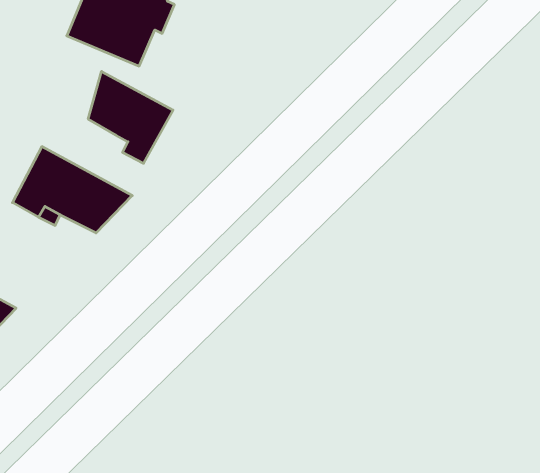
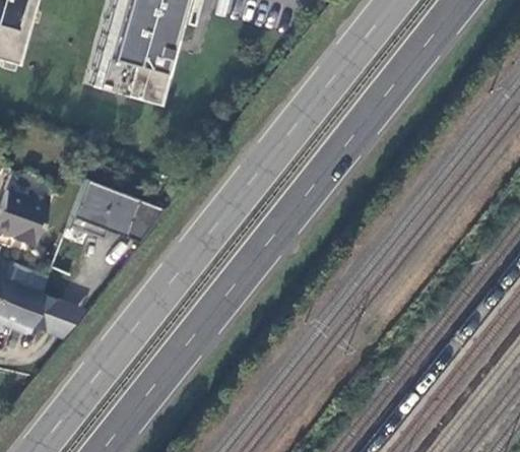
building: [88,71,173,163] -> none

